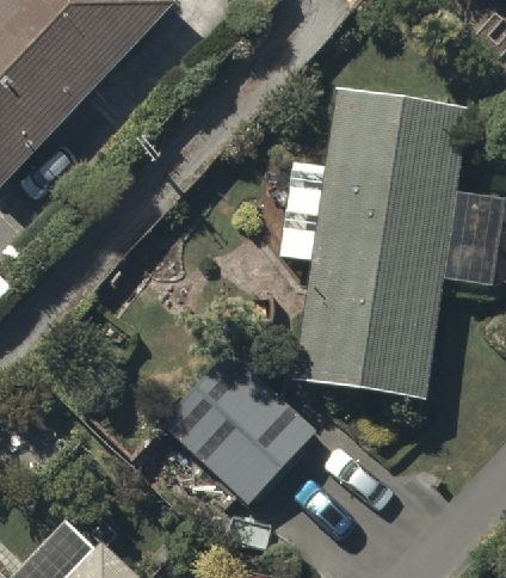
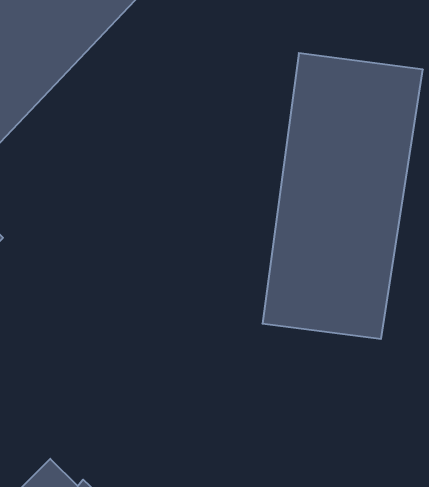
building: [163,351,320,505] -> none

